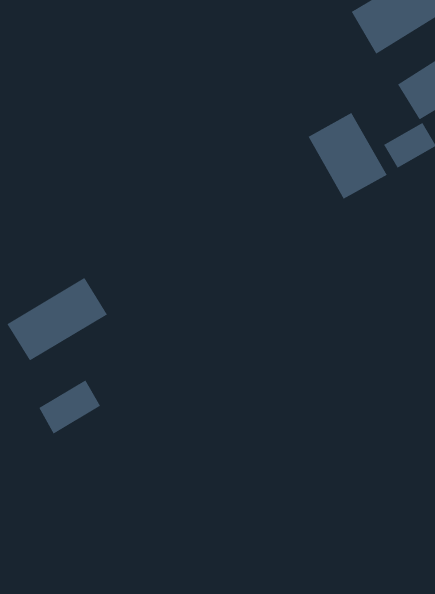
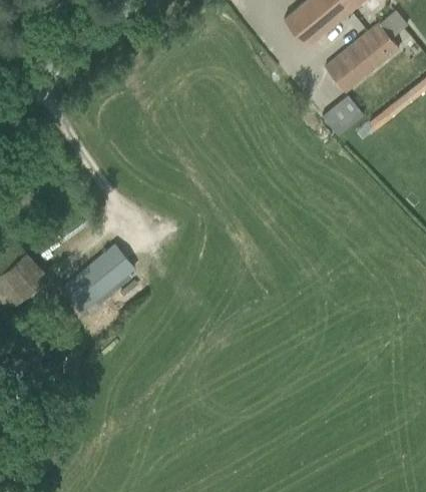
building: [308,112,387,200] -> none
building: [38,379,101,434] -> none

